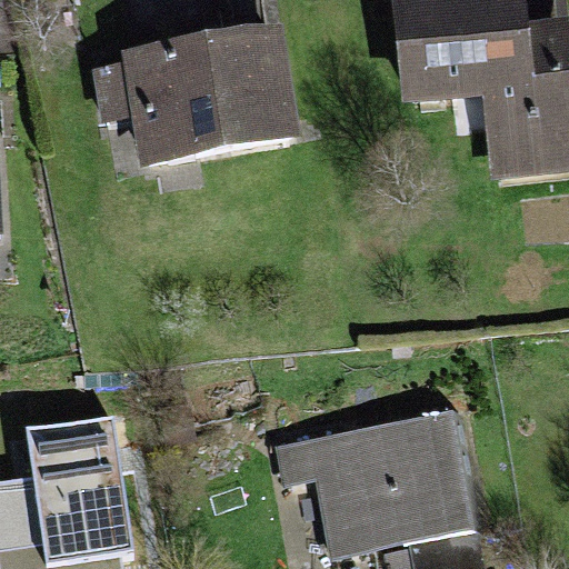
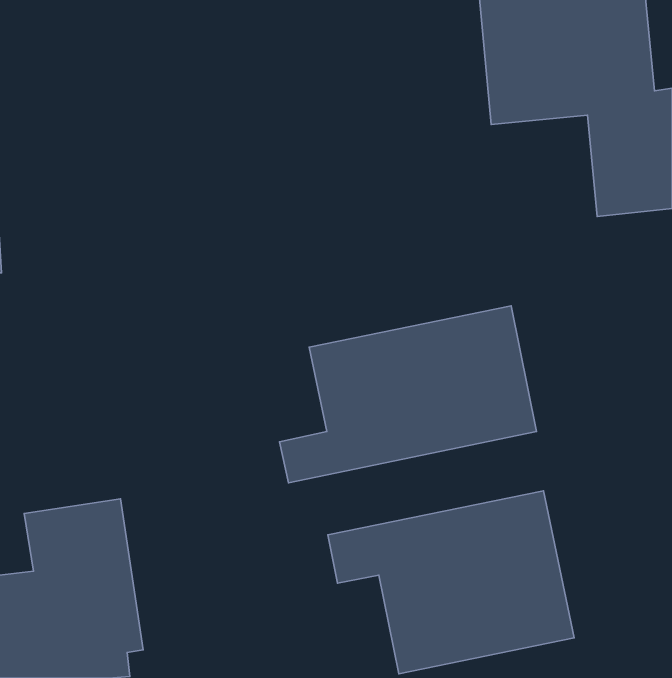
building: [128,28,305,169] -> none
building: none -> [279,306,536,483]

